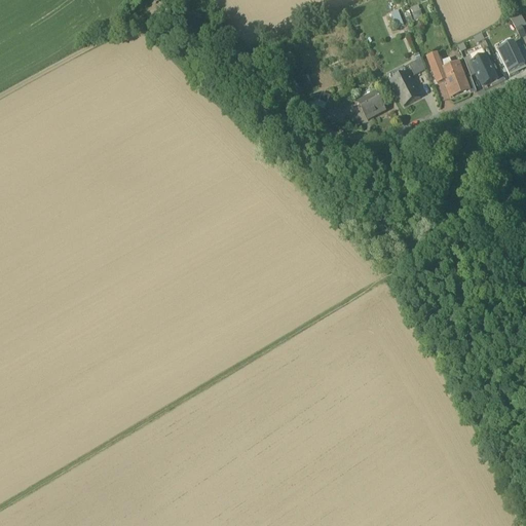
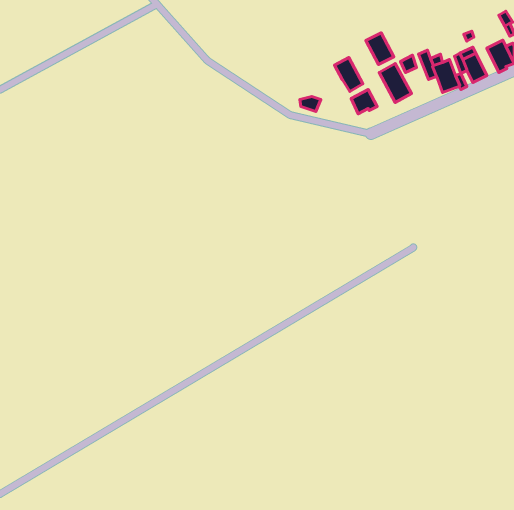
building: none -> [366,33,394,65]
building: none -> [334,57,363,91]

